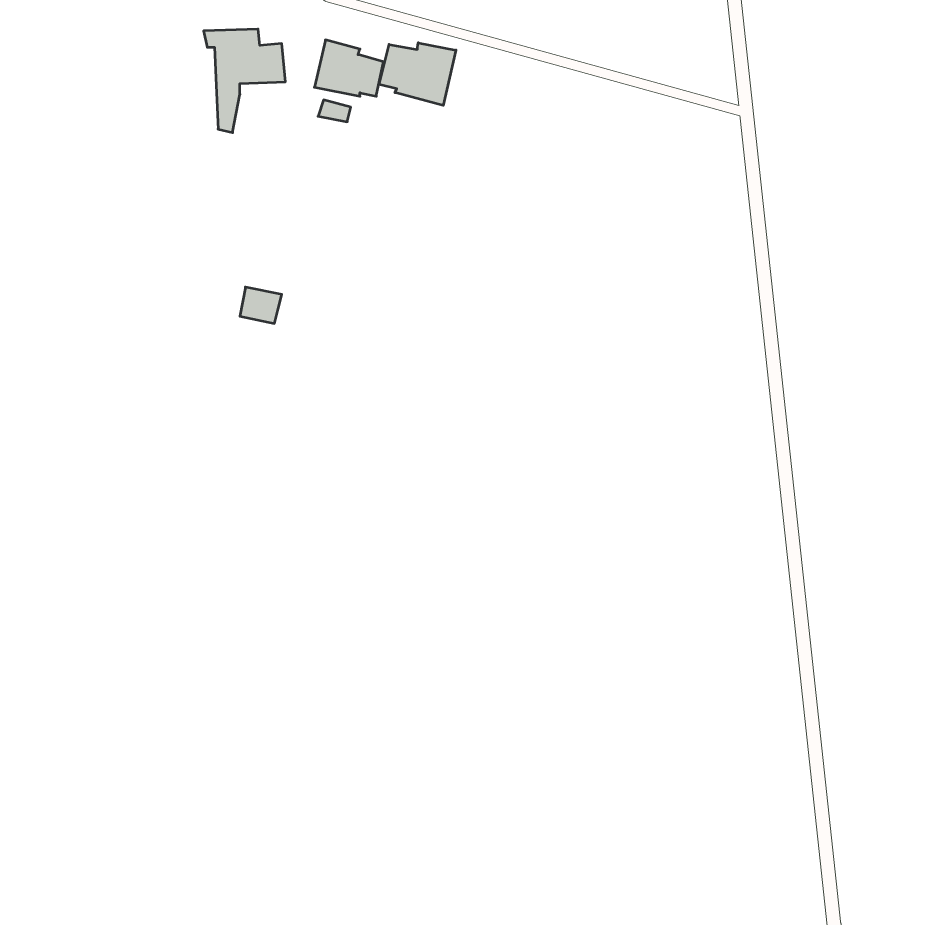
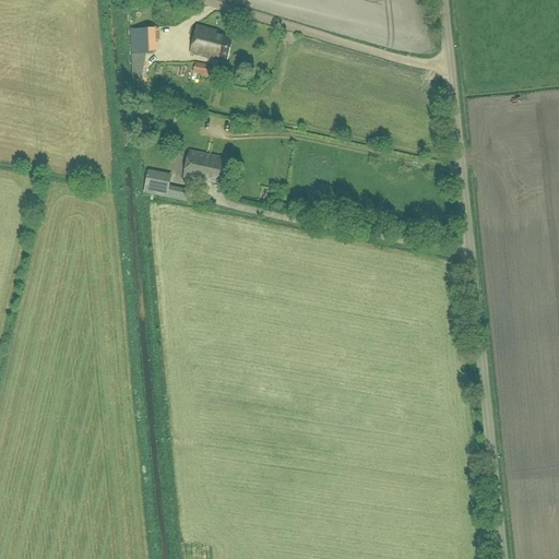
building: [379,43,456,105] -> none
building: none -> [183,148,226,182]

